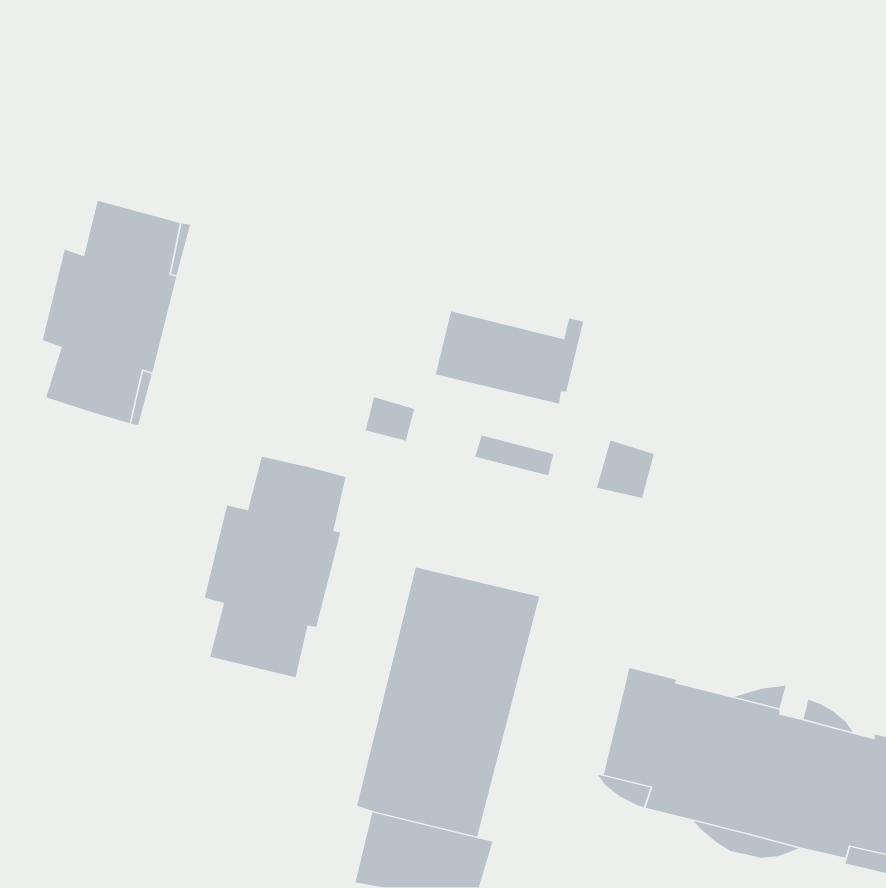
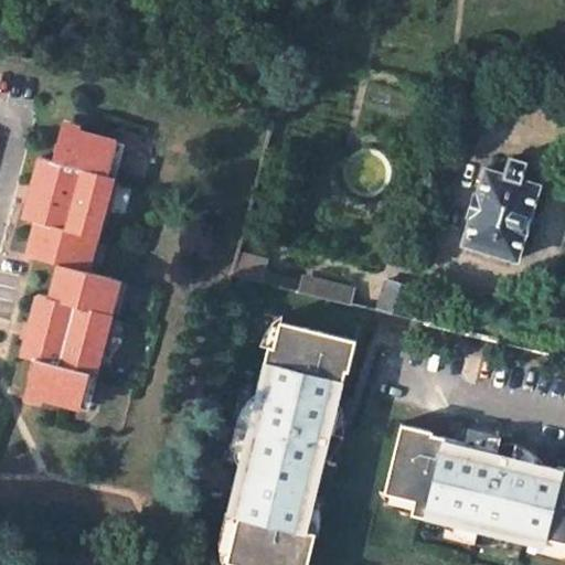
building: none -> [466,158,540,258]
building: [435,311,584,404] -> [265,319,360,379]
building: [204,456,346,678] -> [23,266,114,407]

